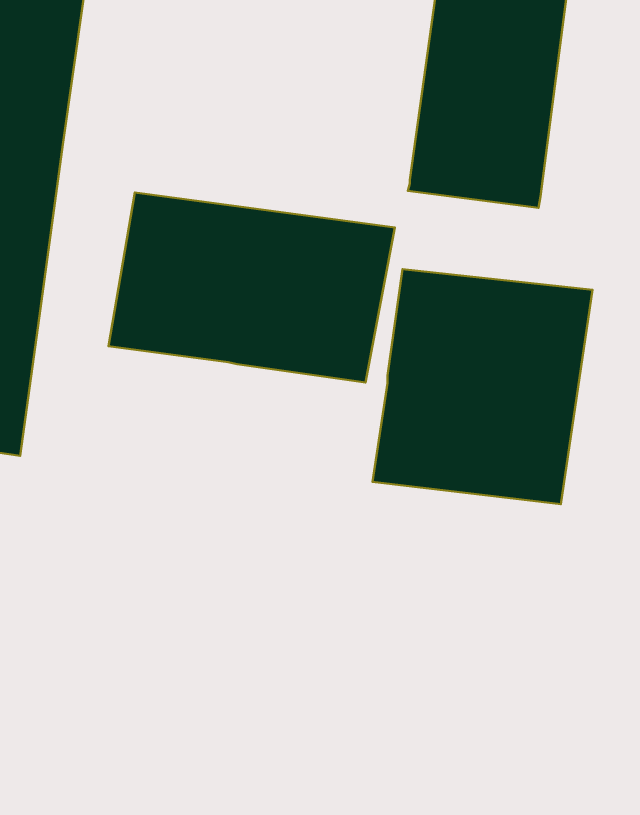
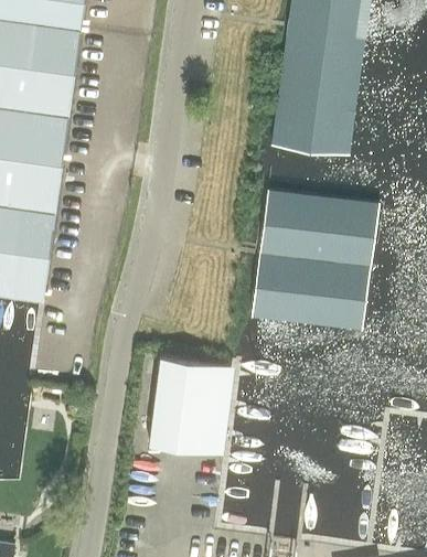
building: [108,192,395,382] -> none
building: none -> [149,357,226,453]

